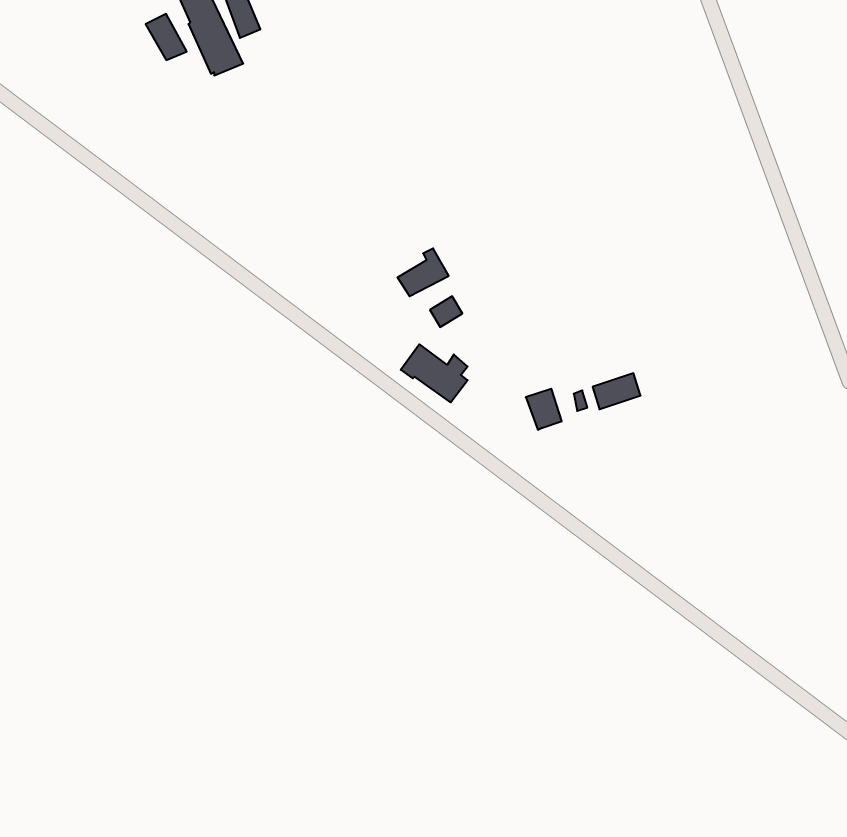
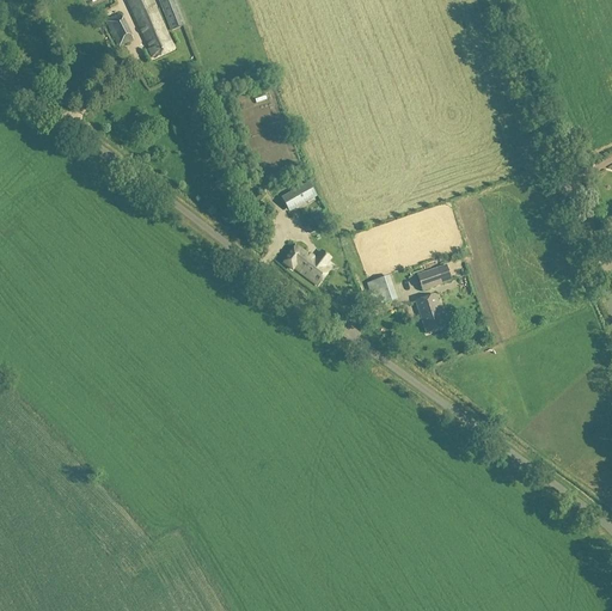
building: none -> [415,293,445,331]

